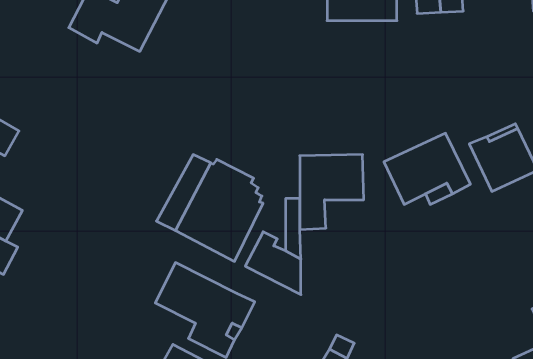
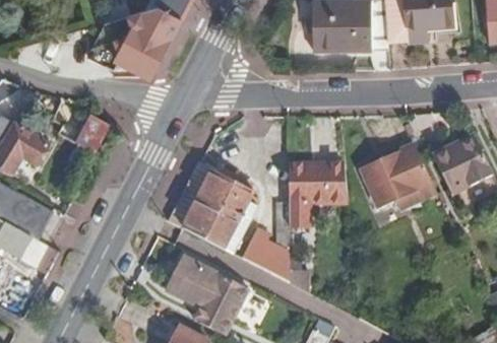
building: none -> [68,111,106,151]

